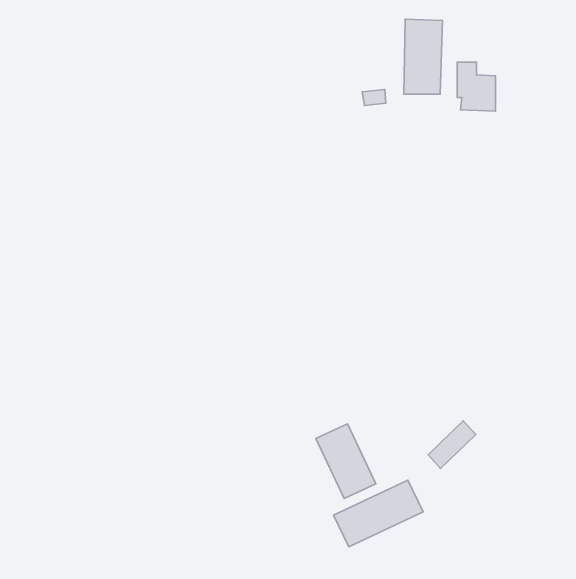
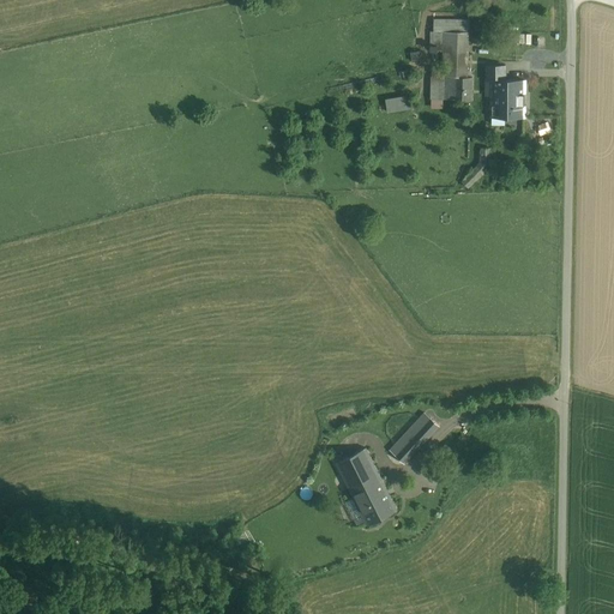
building: [428,421,476,469] -> [386,413,437,463]
building: [334,480,423,547] -> none

